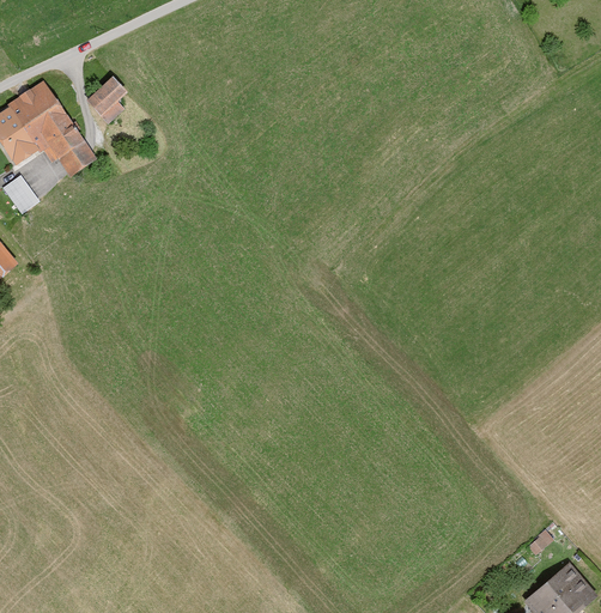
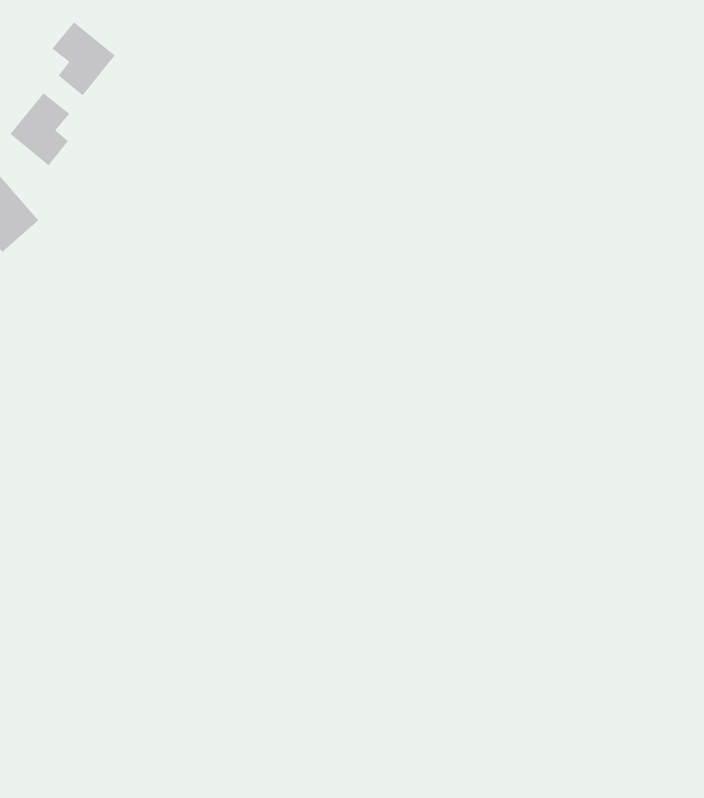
building: none -> [51,21,116,96]

